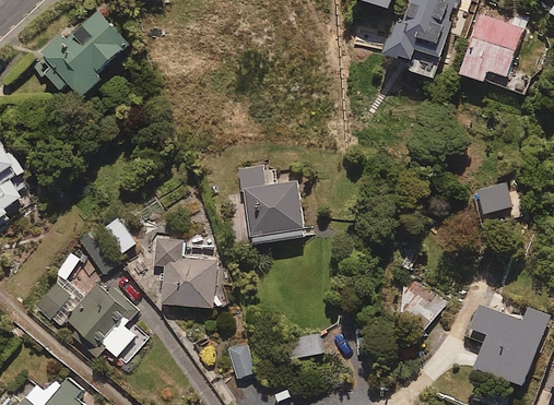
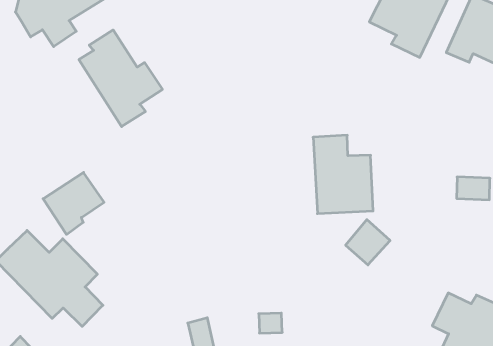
building: none -> [79,30,162,127]
building: [239,165,303,242] -> [313,135,373,214]
building: [152,238,215,307] -> none
building: [402,285,445,329] -> [346,220,390,265]

